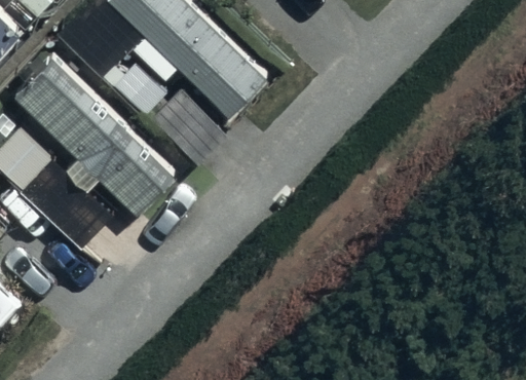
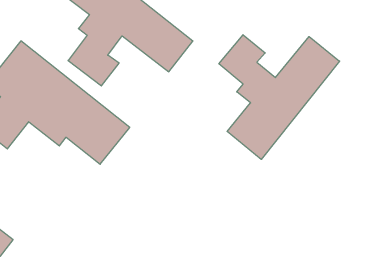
building: none -> [219,35,340,159]

